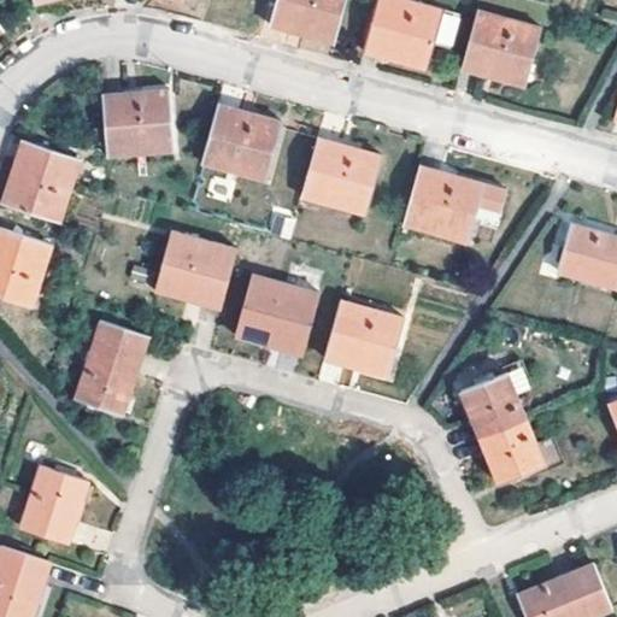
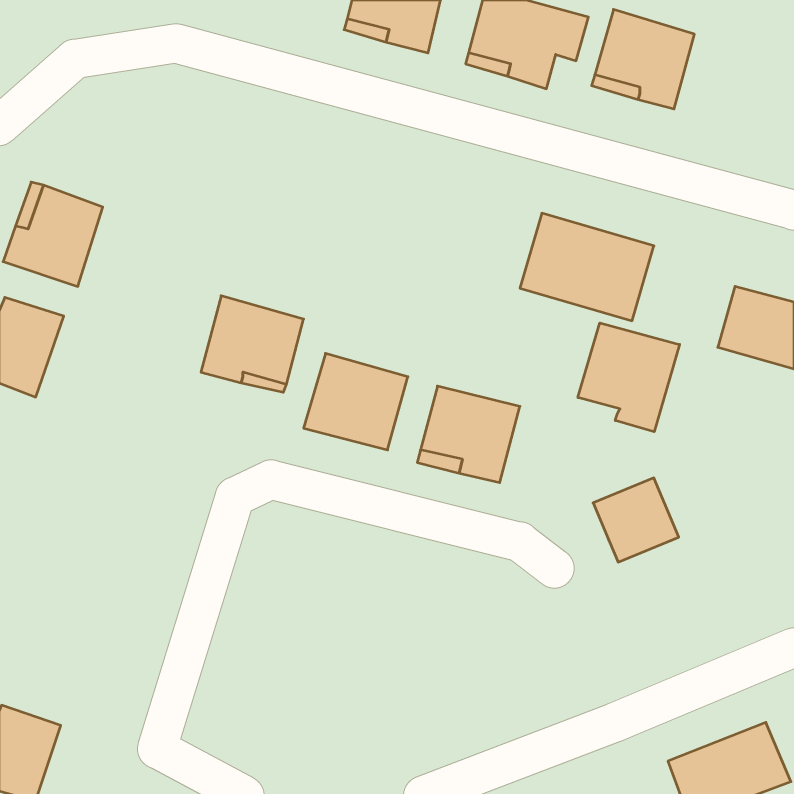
building: [102,90,174,157] -> none
building: [201,105,282,182] -> none
building: [301,139,382,216] -> none
building: none -> [578,323,680,432]
building: [75,322,147,413] -> none
building: [478,417,546,481] -> none
building: [19,464,88,543] -> none

